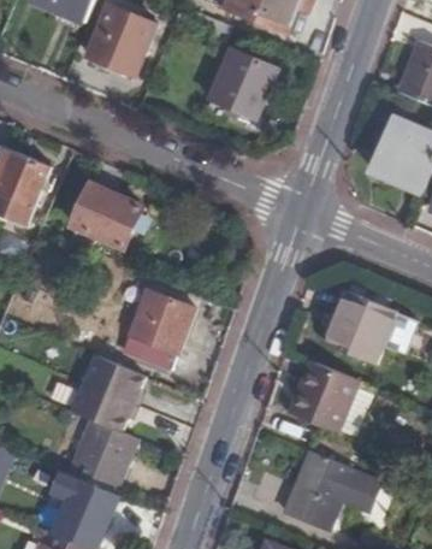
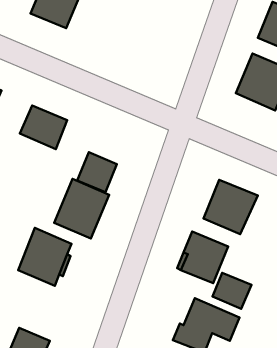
building: [208,52,274,120] -> none
building: none -> [77,152,117,192]
building: none -> [212,273,251,309]
building: [76,425,146,498] -> none

